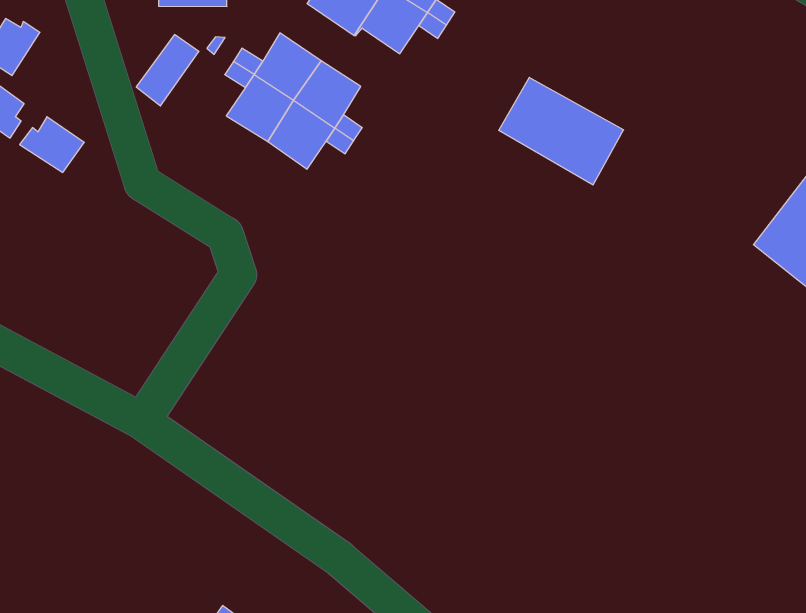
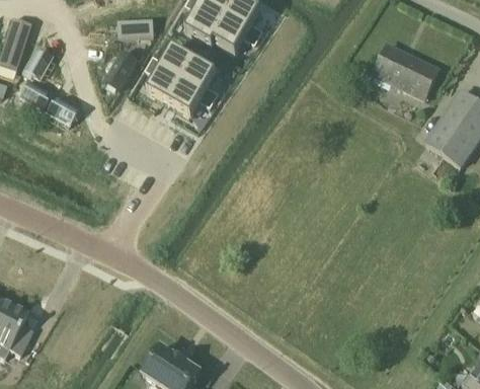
building: [499,77,624,185] -> [379,46,444,99]

